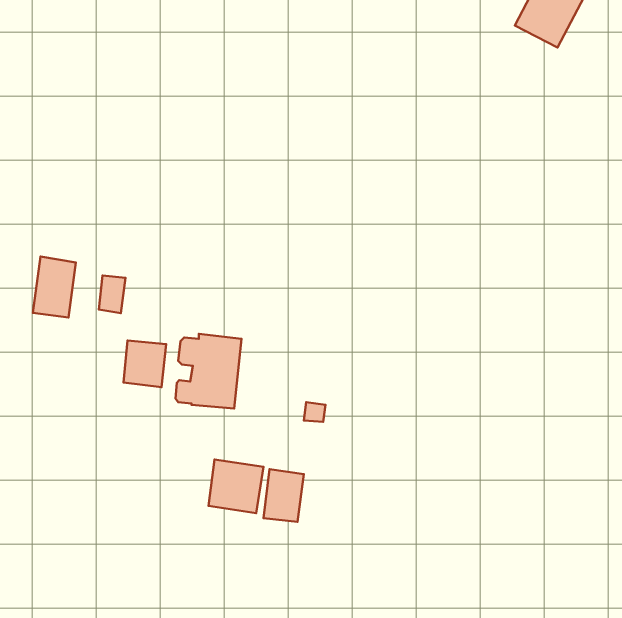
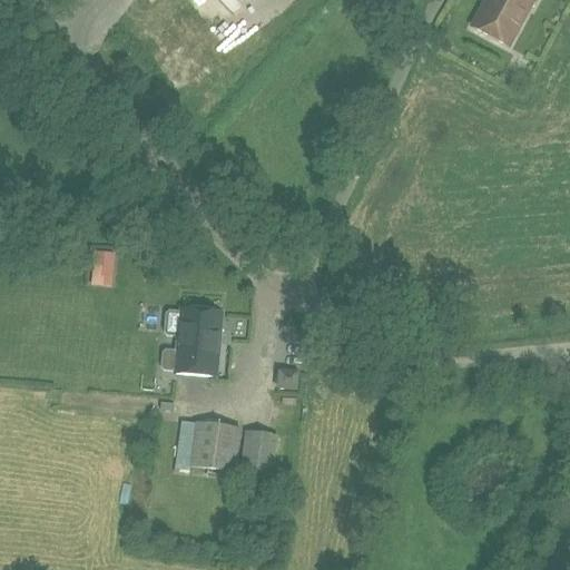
building: [33,257,76,317] -> none
building: [123,341,166,387] -> none

